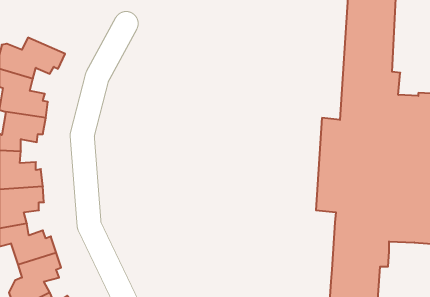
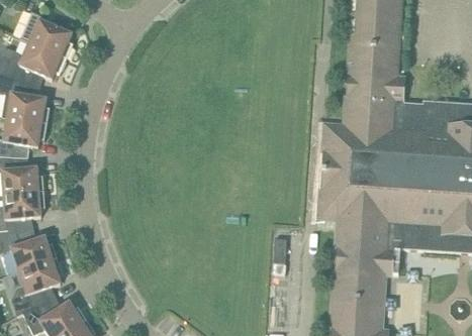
building: none -> [21,11,73,59]

